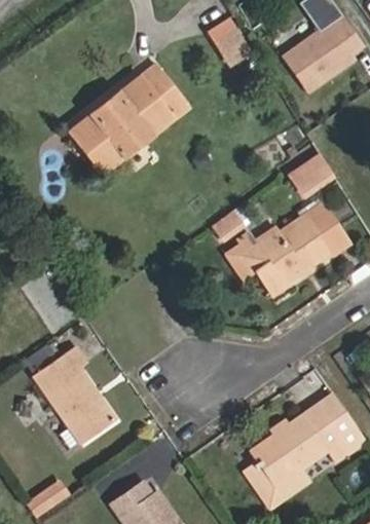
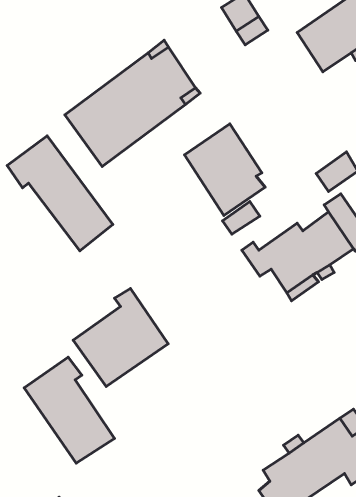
building: none -> [184,124,265,215]
building: none -> [7,136,113,251]
building: none -> [73,289,168,387]

